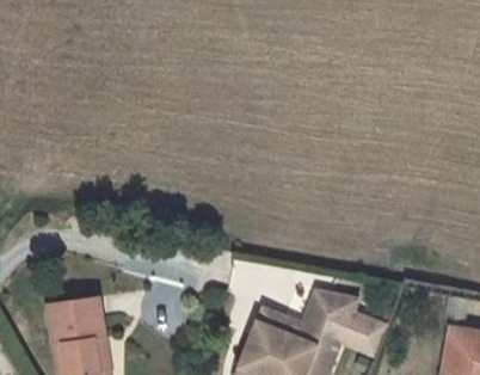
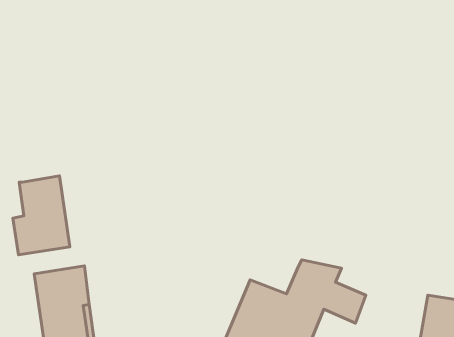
building: none -> [13,176,70,255]

